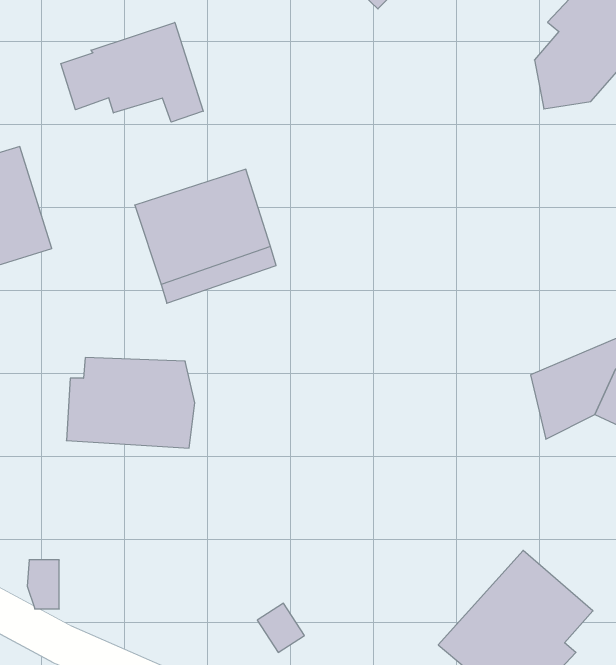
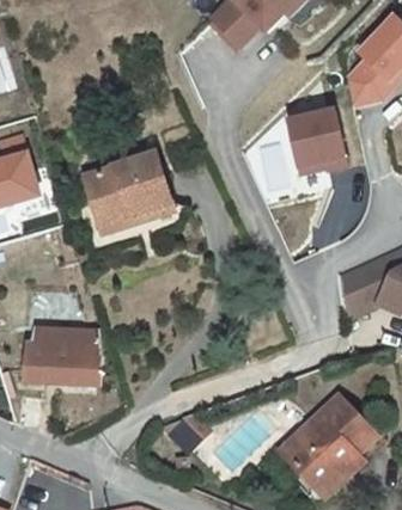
building: [61,22,203,122] -> none
building: none -> [286,107,349,177]
building: [66,358,195,448] -> [24,330,105,387]

